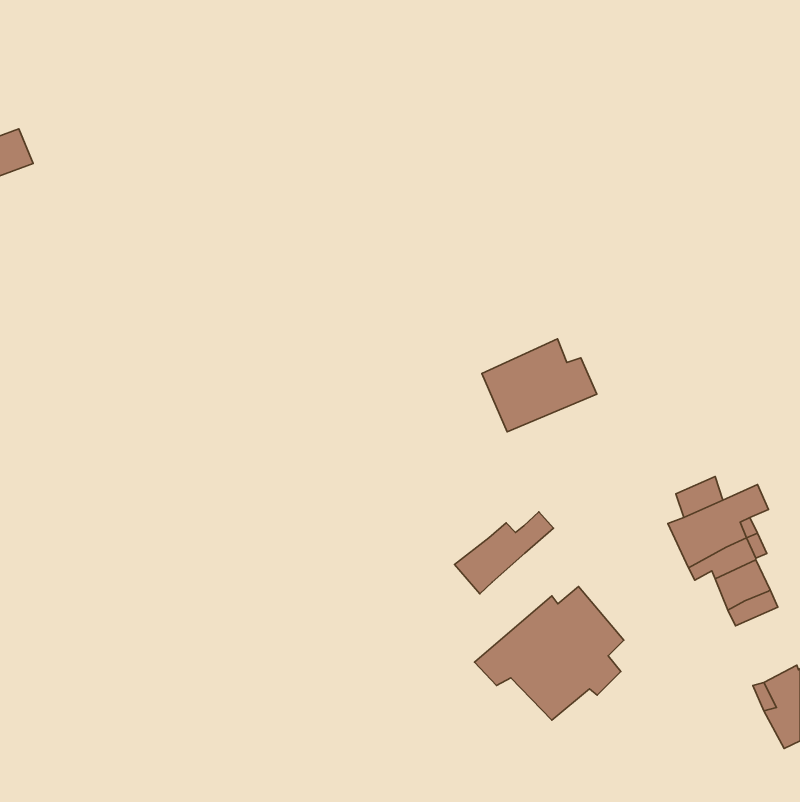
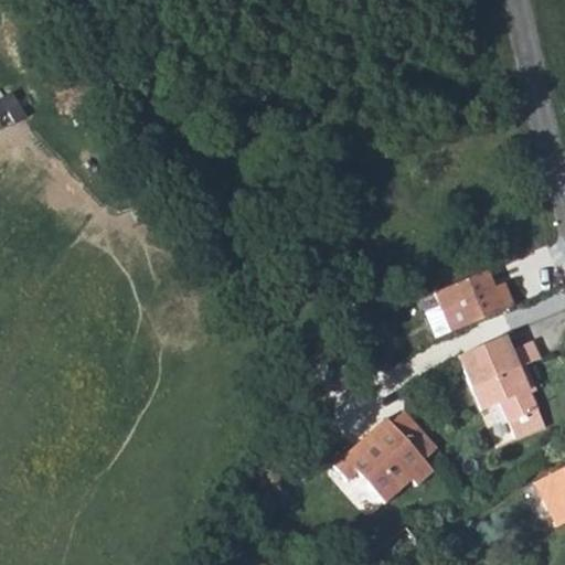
building: [482,339,597,432] -> [431,266,512,331]
building: [455,512,554,594] -> none

